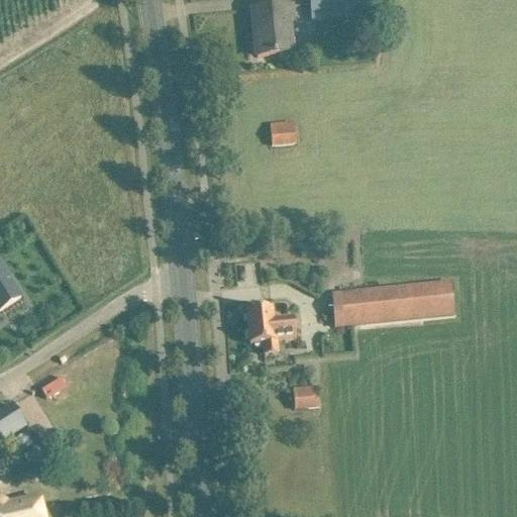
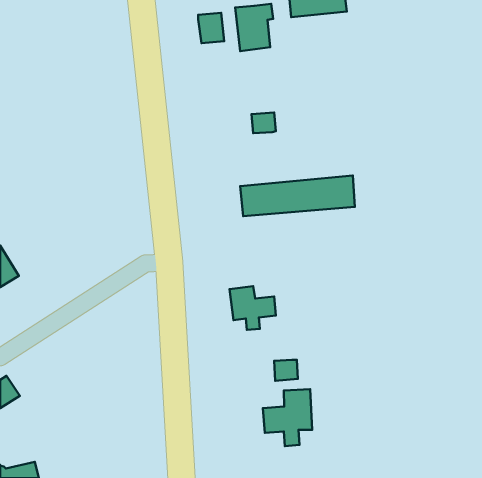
building: none -> [198,13,224,43]
building: [332,280,454,323] -> [240,176,355,216]
building: none -> [263,389,312,446]

